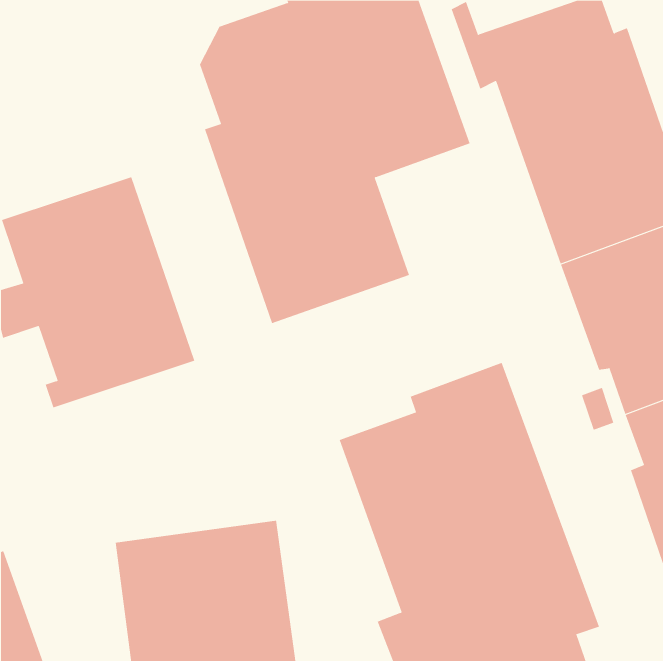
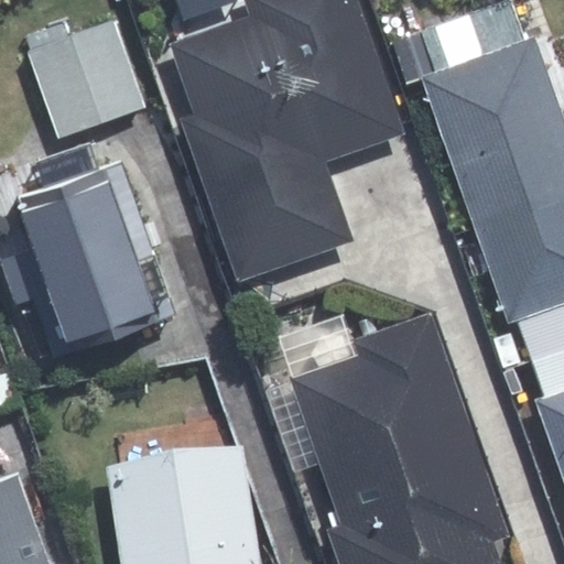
building: none -> [29,24,145,138]

